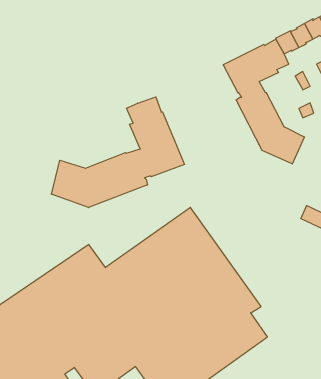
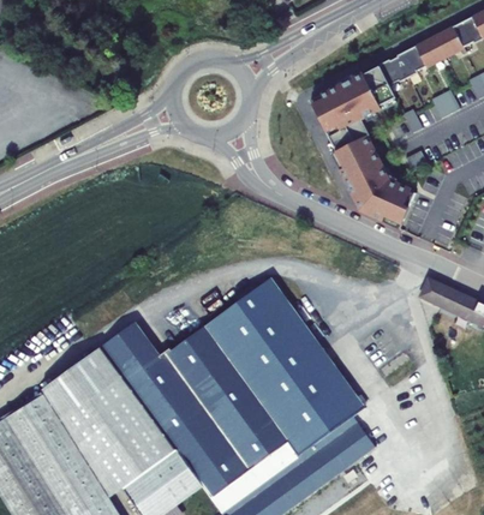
building: [51,97,184,208] -> none

